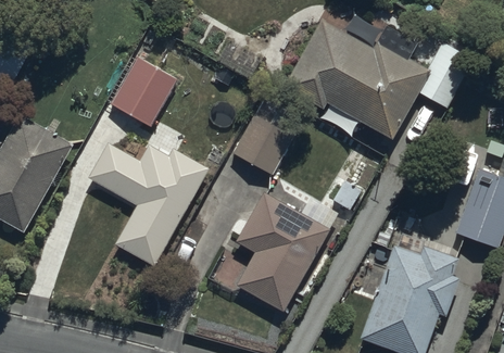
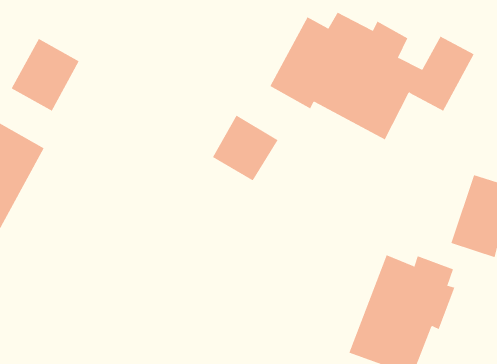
building: [111,58,176,127] -> [11,38,80,111]
building: [89,143,207,267] -> none
building: [236,191,329,311] -> none

